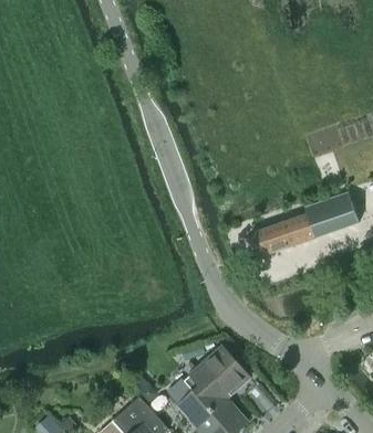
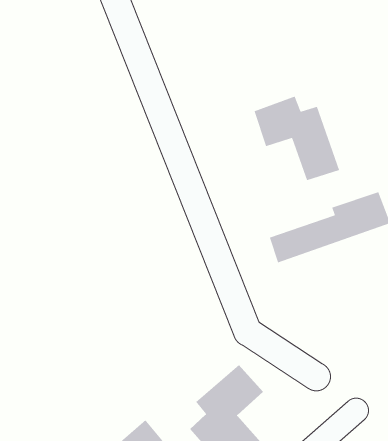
building: none -> [253,95,340,181]

